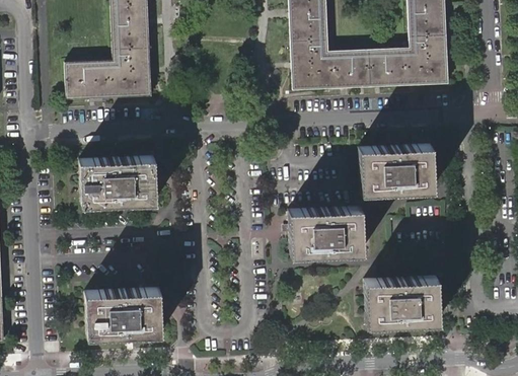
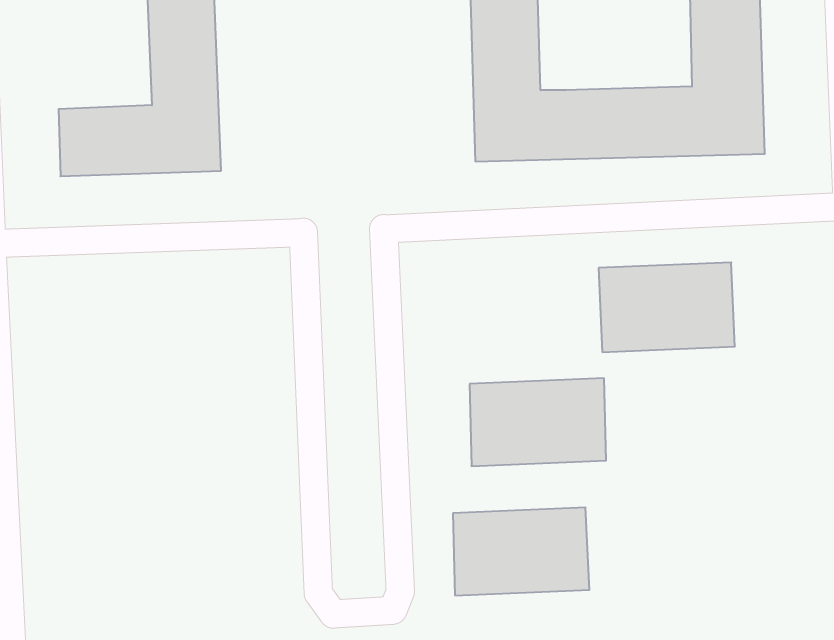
building: [78,156,155,204] -> none
building: [364,277,438,324] -> [453,508,589,595]
building: [84,288,161,335] -> none

